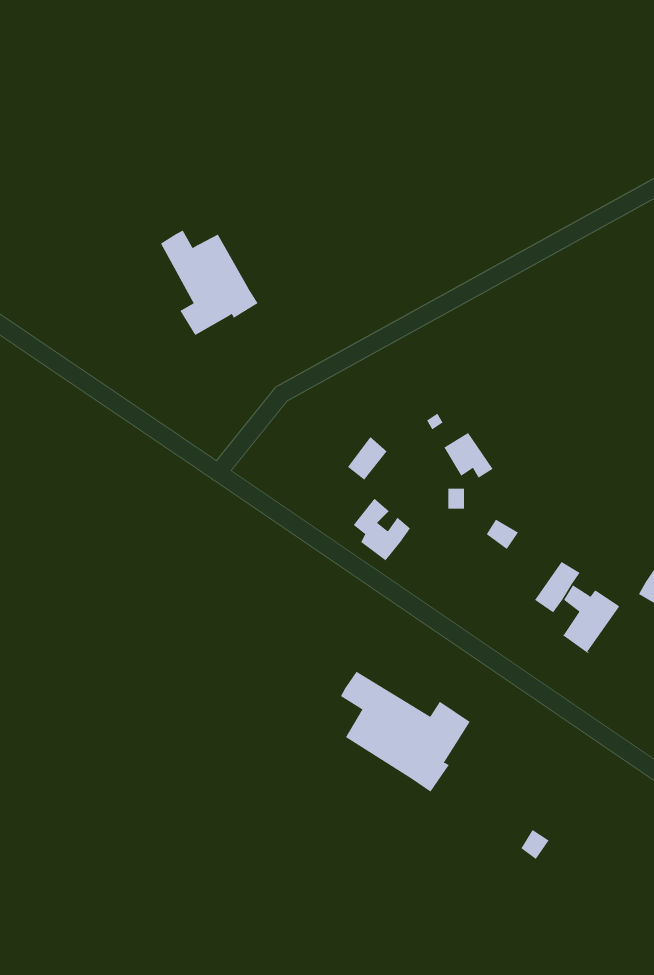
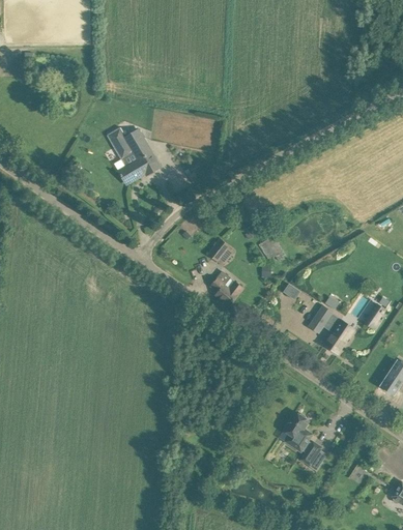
building: [340,671,471,793] -> none
building: none -> [282,411,310,451]

